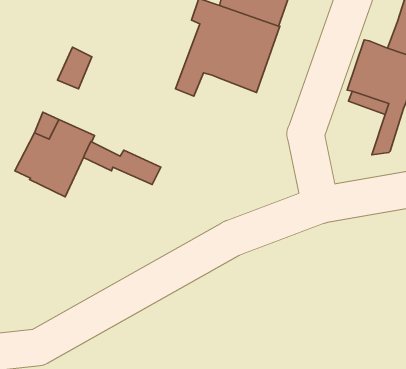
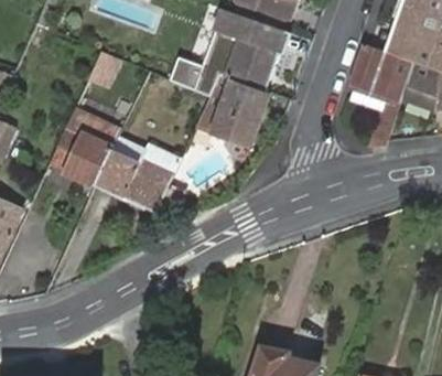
building: none -> [195,74,269,146]
building: none -> [94,150,172,212]

